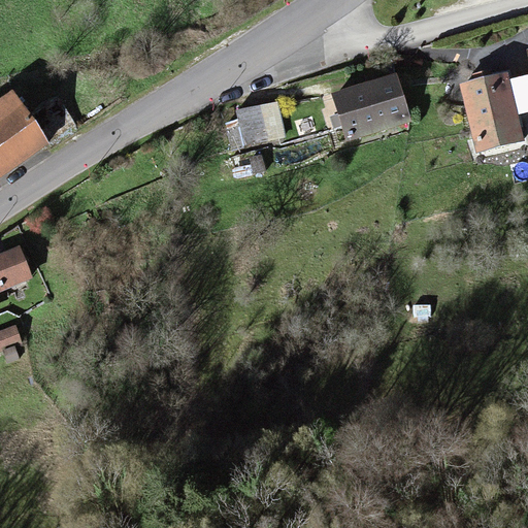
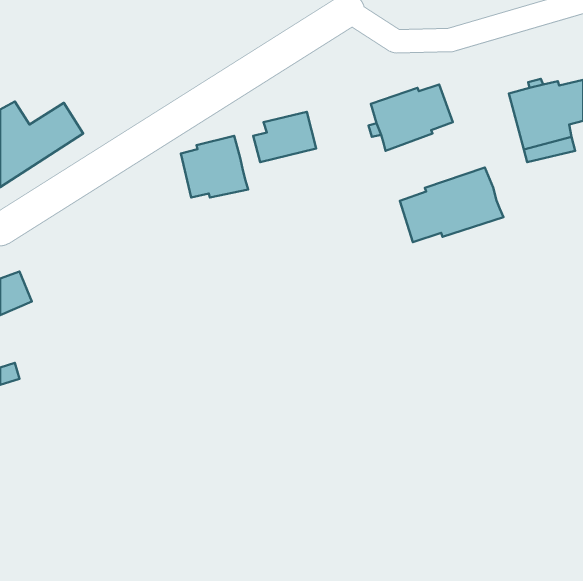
building: none -> [181,136,248,198]
building: none -> [400,167,503,242]

